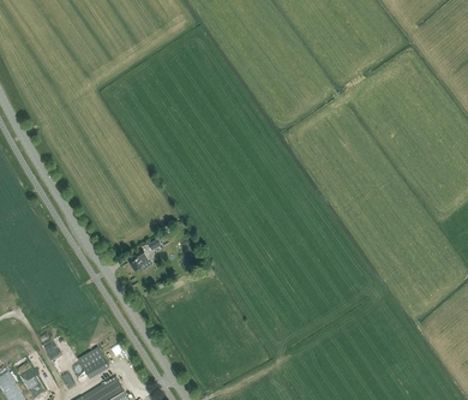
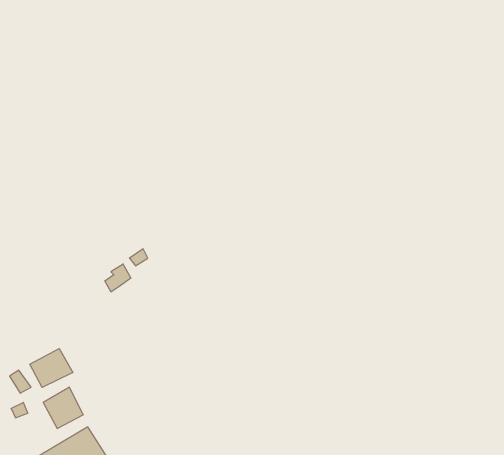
building: none -> [30,349,73,387]

